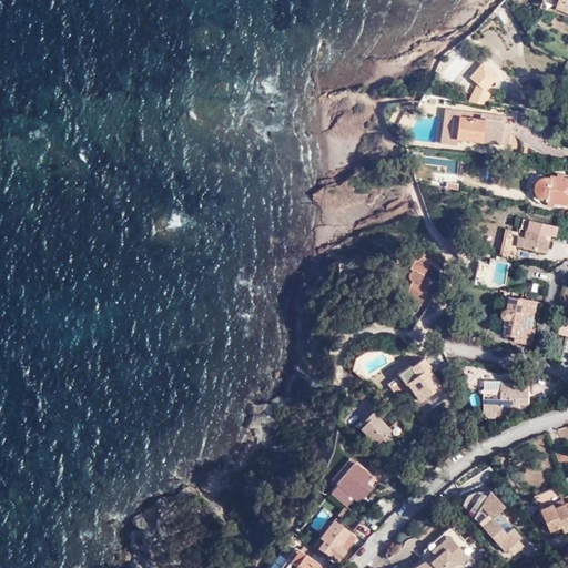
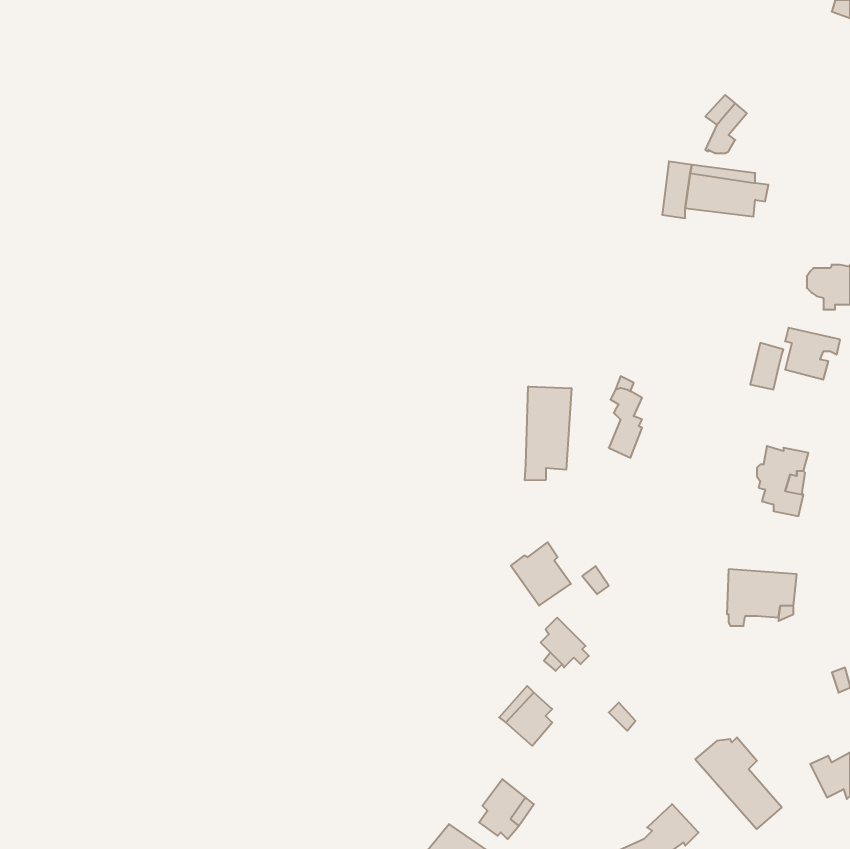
building: none -> [525,386,571,480]
building: [400,359,440,402] -> [511,542,571,606]

